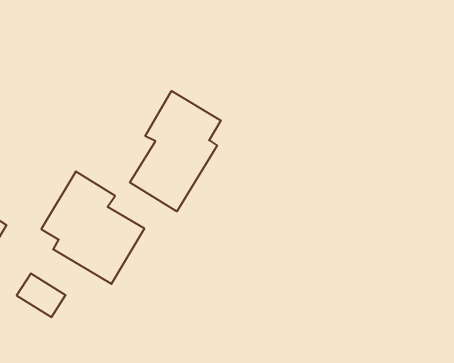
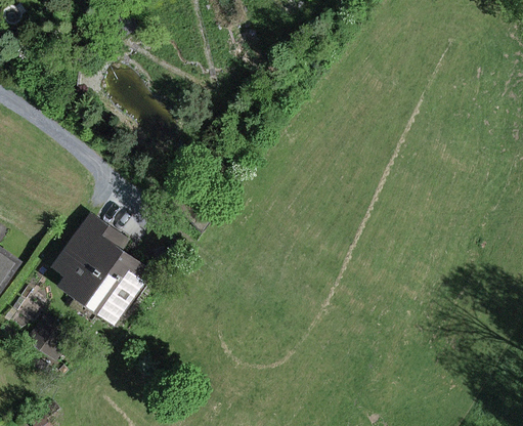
building: [130,91,221,211] -> none

